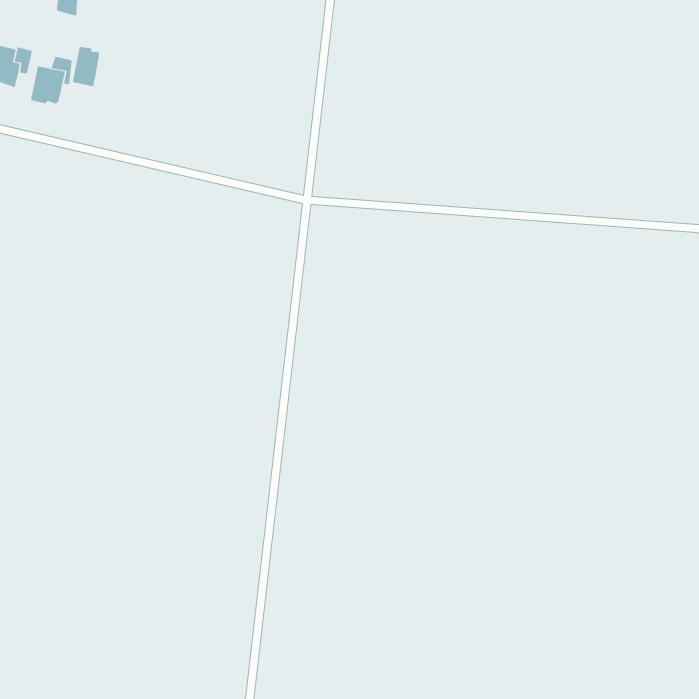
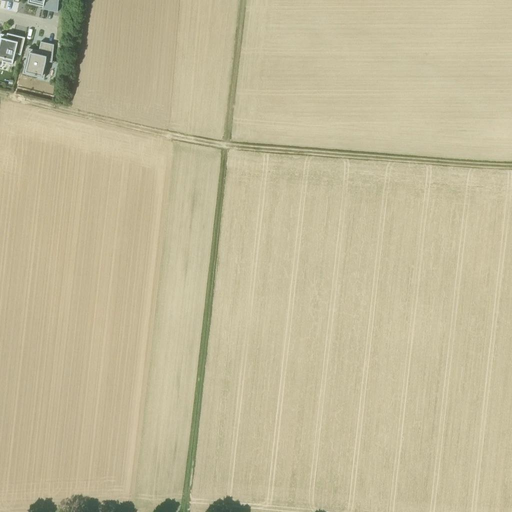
building: [72,46,100,87] -> none

